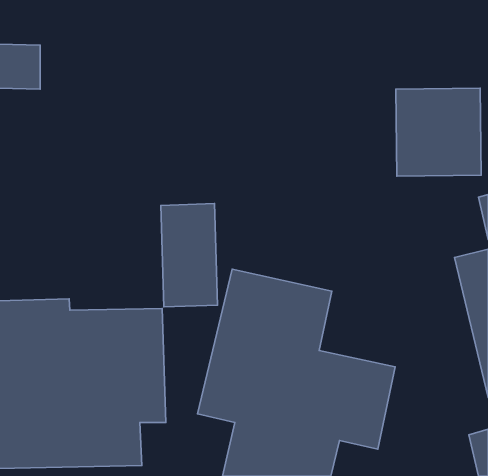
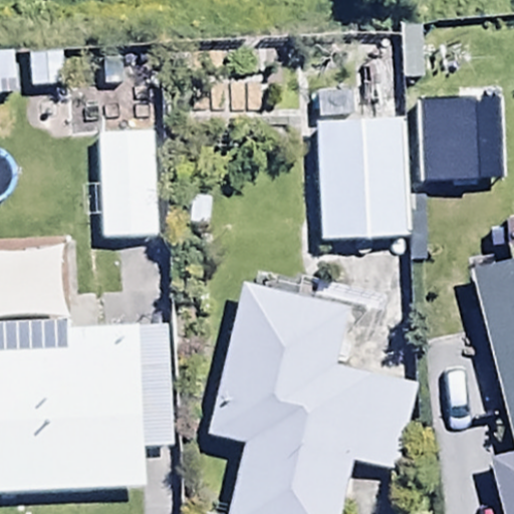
building: none -> [319,114,413,239]
building: [161,204,217,307] -> [99,127,159,236]

